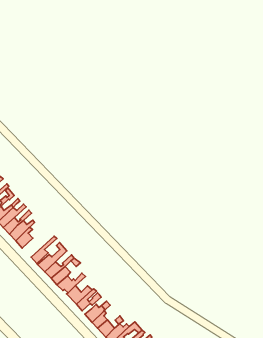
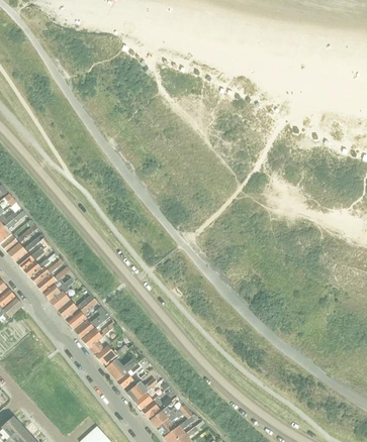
building: none -> [57,294,95,321]

